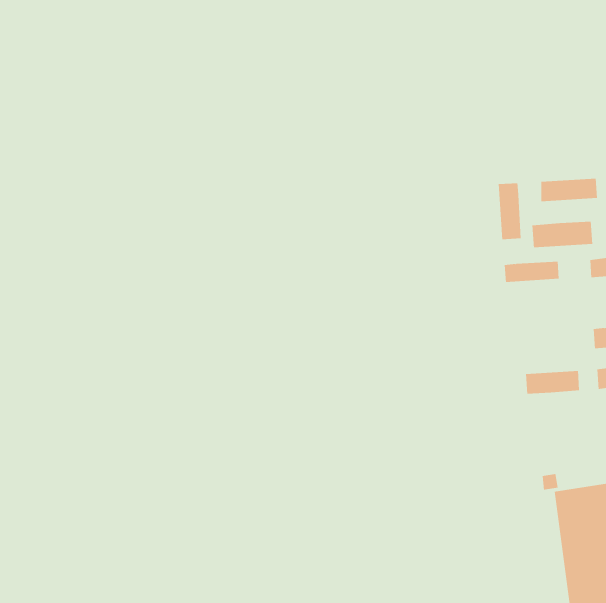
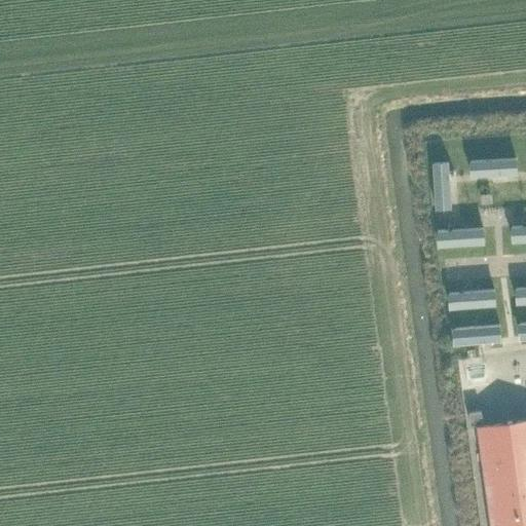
building: [532,221,593,248] -> none
building: none -> [449,289,496,309]

